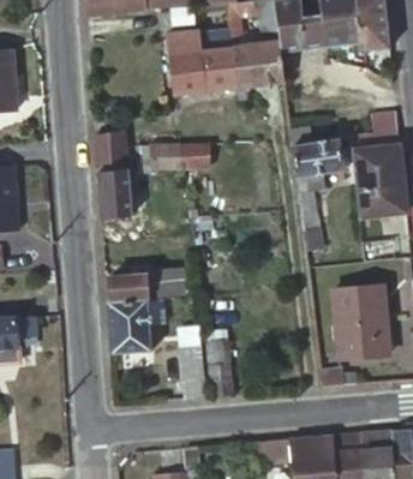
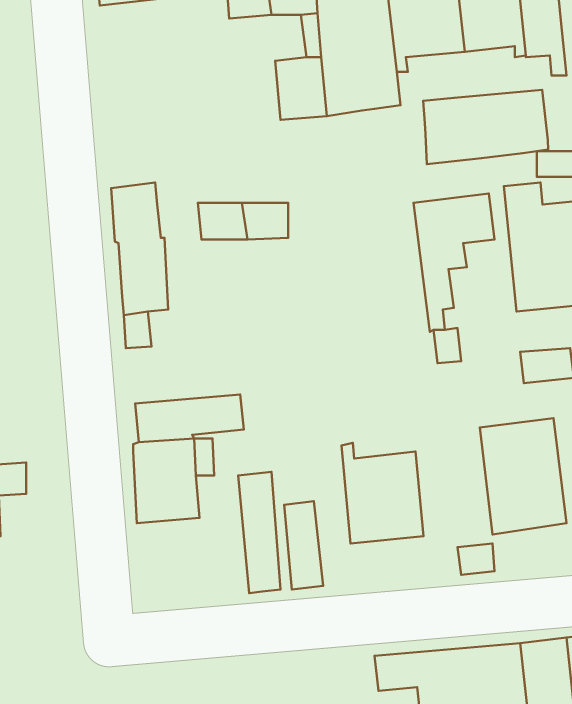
building: [167,30,204,94] -> none
building: none -> [423,90,548,164]
building: none -> [342,443,424,544]

